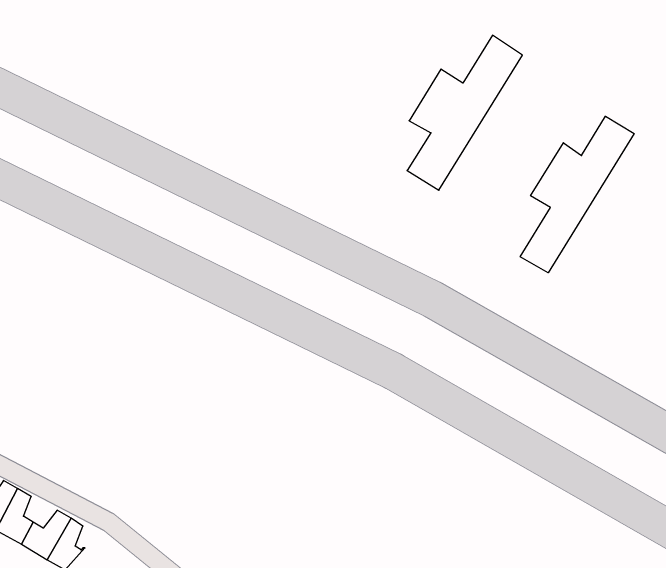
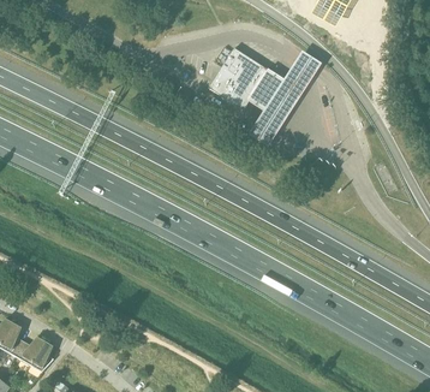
building: none -> [208,47,269,109]
building: [520,116,634,273] -> none

